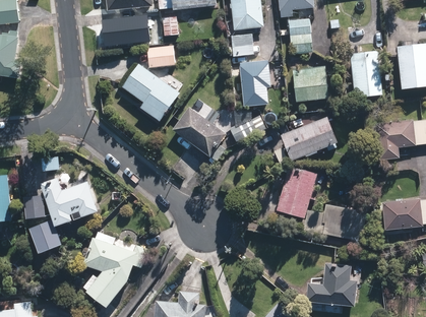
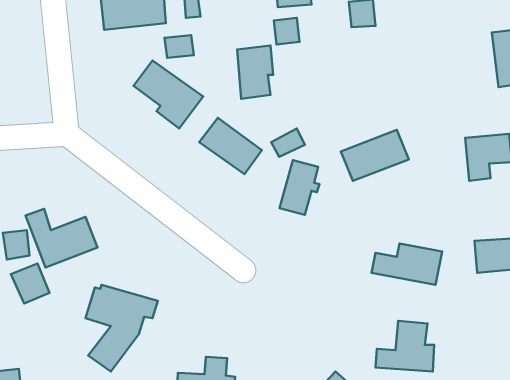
building: [351,55,378,96] -> none
building: [240,64,267,105] -> [237,45,273,99]
building: [294,68,324,101] -> none
building: [282,172,312,213] -> [279,160,319,215]

